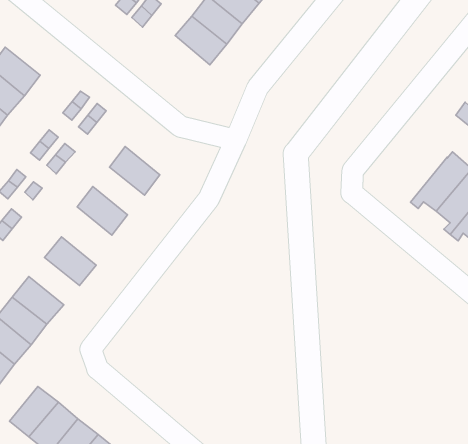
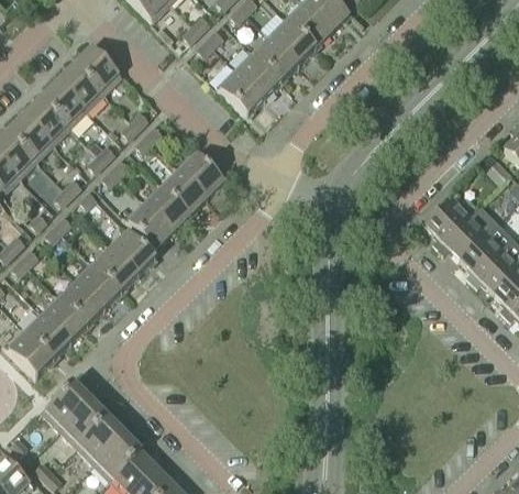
building: none -> [75,46,122,92]
building: none -> [218,68,264,116]
building: none -> [177,150,224,197]
building: none -> [427,196,476,246]
building: none -> [143,185,190,231]
building: none -> [109,229,155,275]
building: none -> [75,263,121,309]

